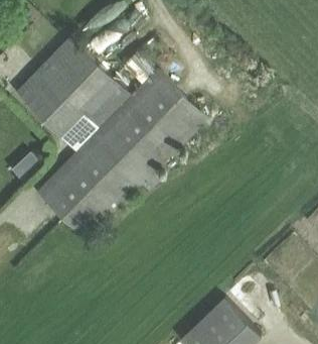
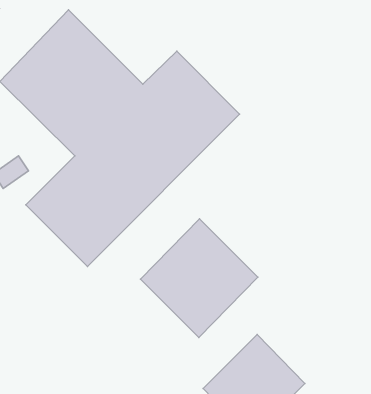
building: none -> [141,219,258,337]

